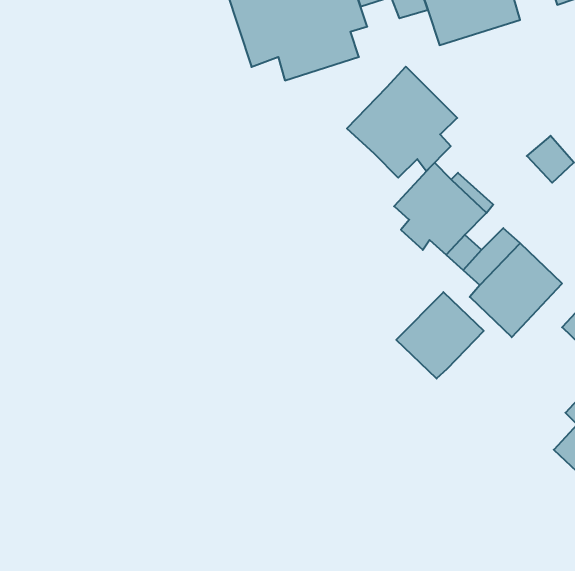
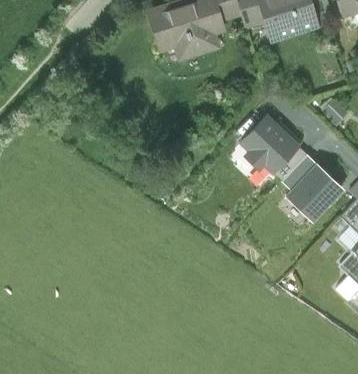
building: [347,67,457,178] -> none
building: [396,292,484,379] -> none

